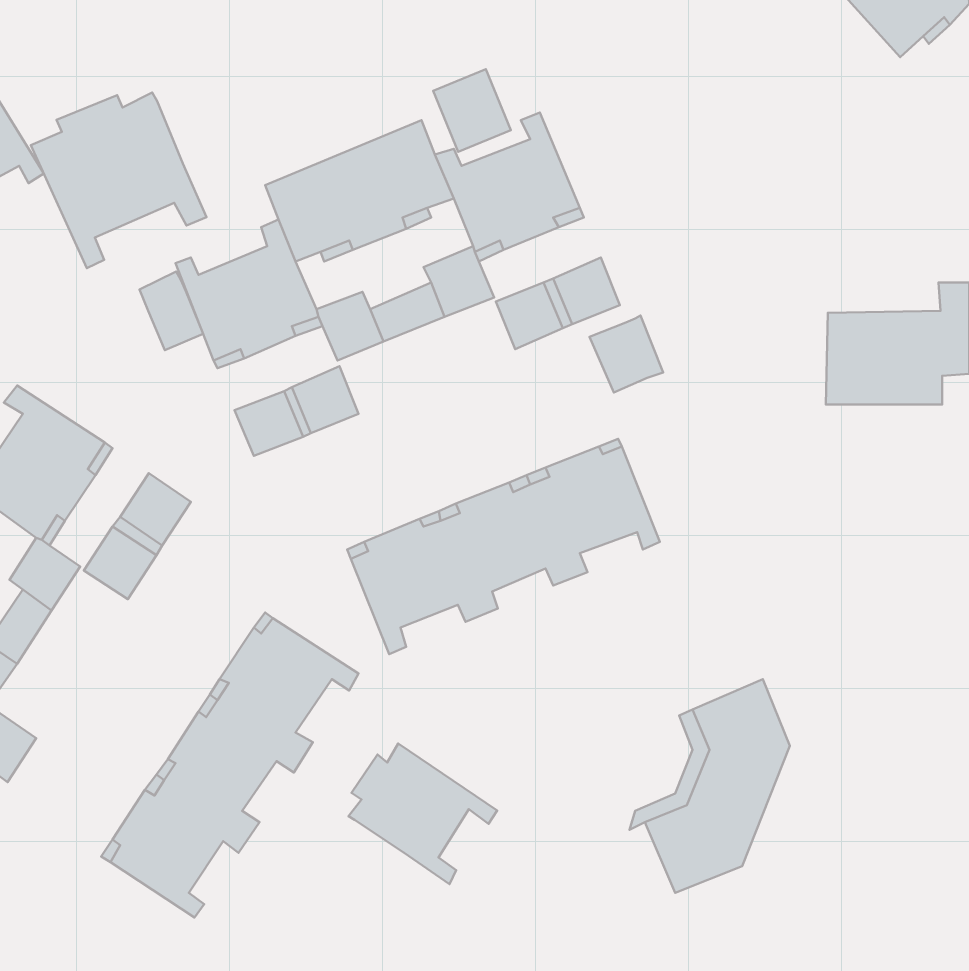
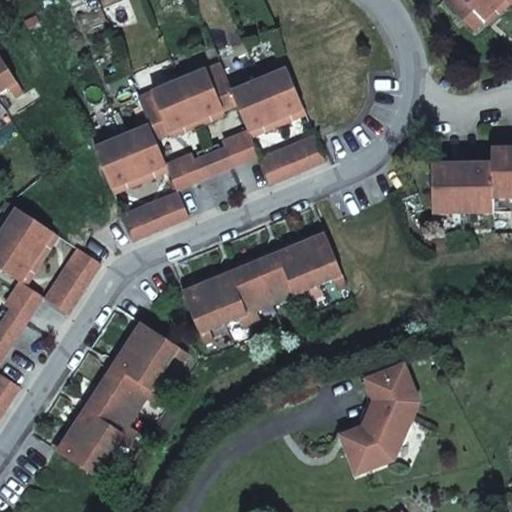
building: [433,69,511,152] -> none
building: [31,93,207,268] -> none
building: [139,271,203,350] -> none
building: [590,316,663,392] -> none
building: [349,743,497,884] -> none

